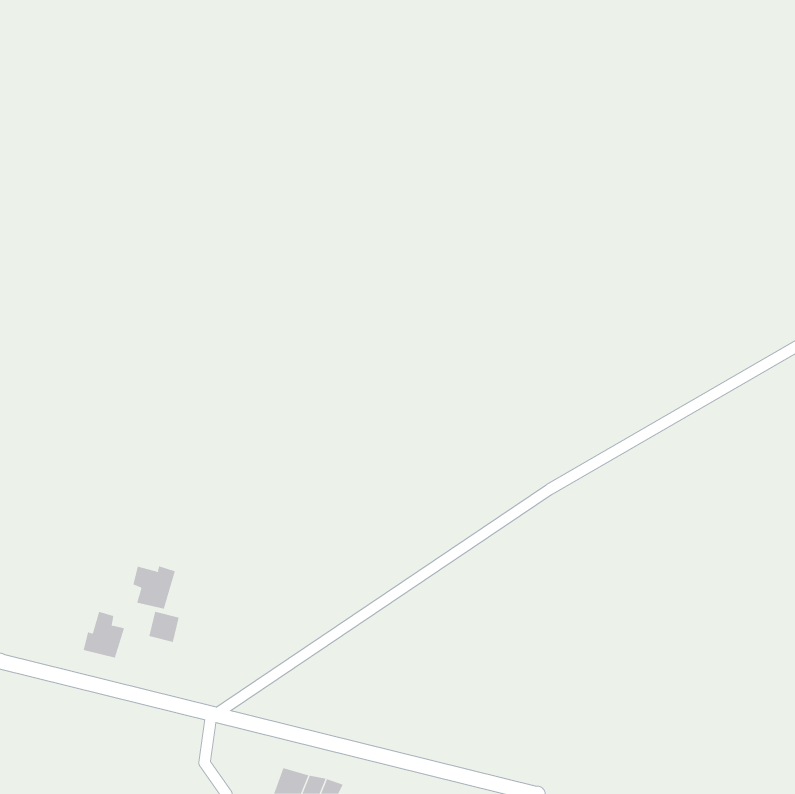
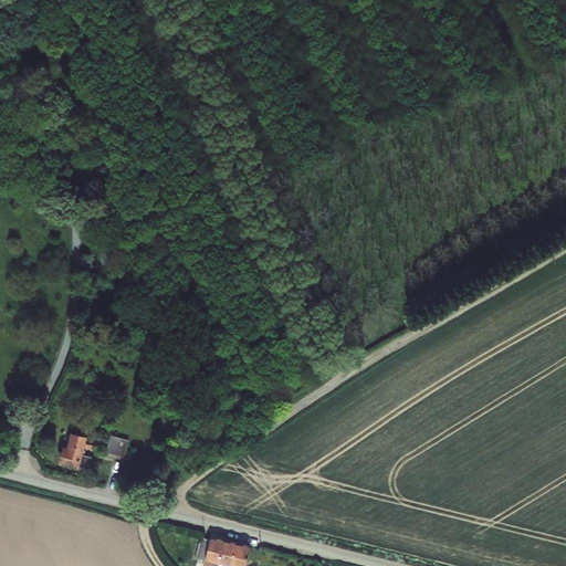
building: [133,565,176,610] -> none

